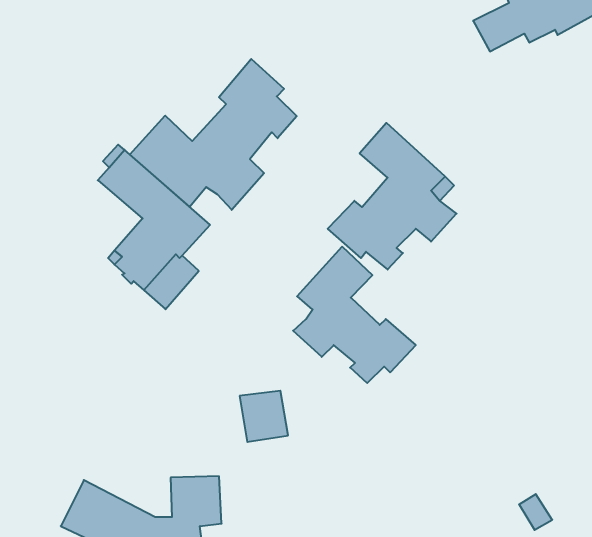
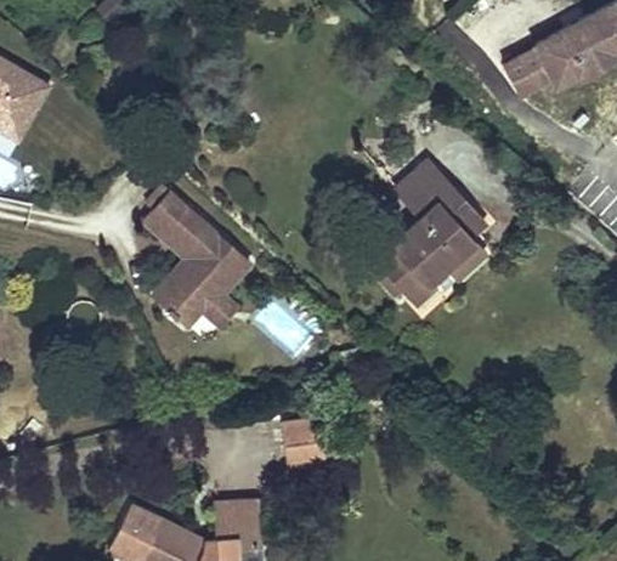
building: [130,59,297,210] -> none
building: [293,247,416,383] -> none

